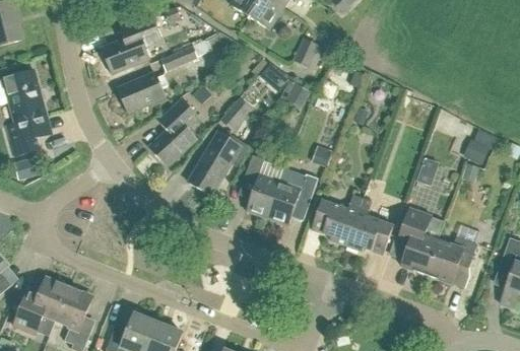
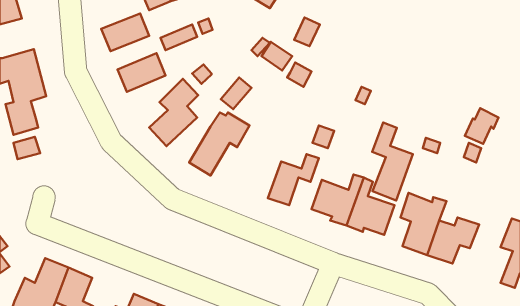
building: none -> [372,123,413,200]
building: [244,154,280,217] -> none

